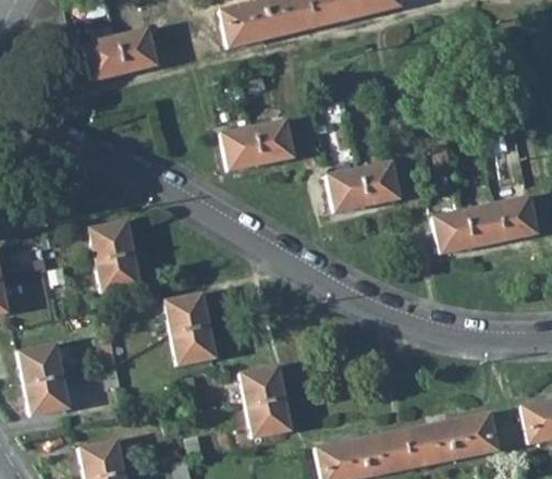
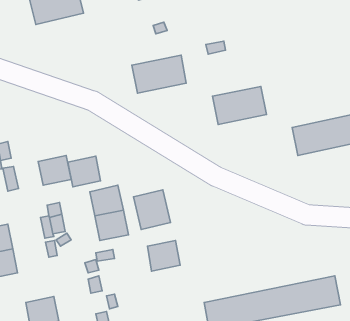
building: [90,220,134,260] -> [68,156,101,187]
building: none -> [134,190,170,229]
building: [247,397,291,437] -> none

